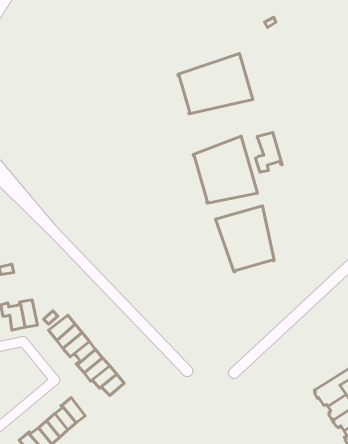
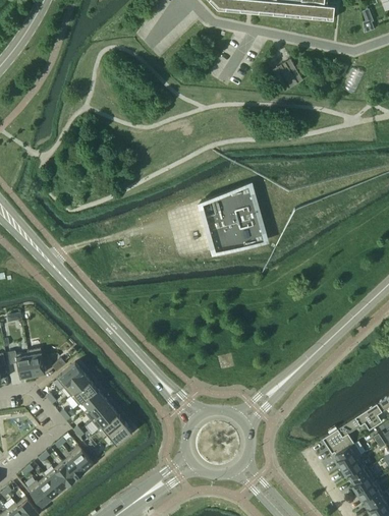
building: [178,54,253,114] -> none
building: [256,132,282,172] -> none
building: [215,206,274,272] -> none

